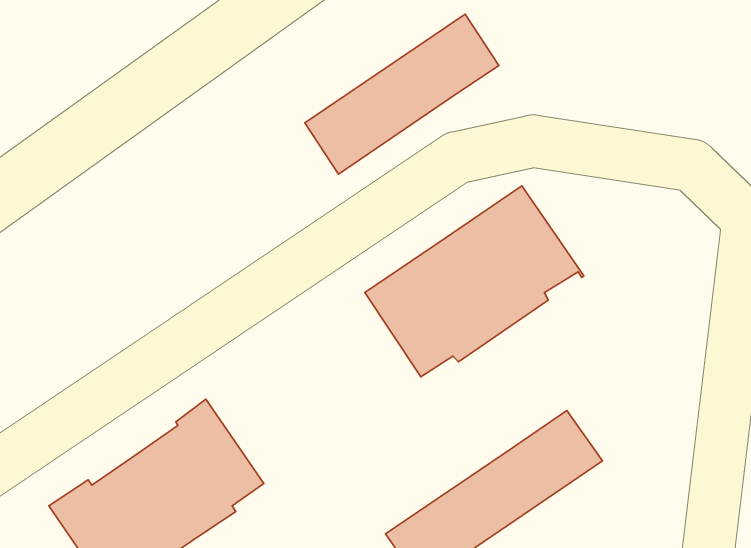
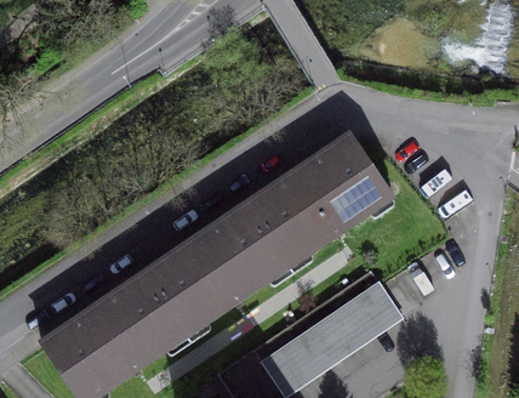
building: [305,14,499,174] -> none
building: none -> [144,205,284,329]

